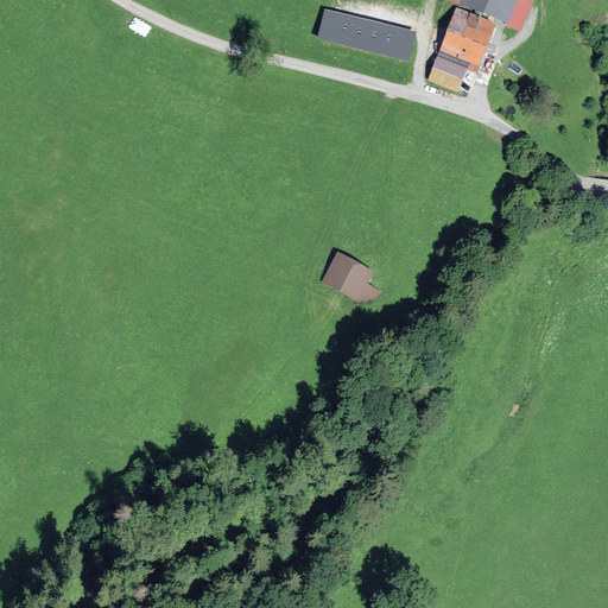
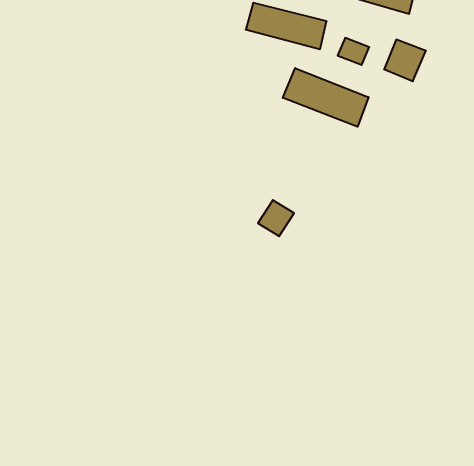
building: [441,5,494,58] -> [384,40,426,81]
building: none -> [283,68,369,127]

